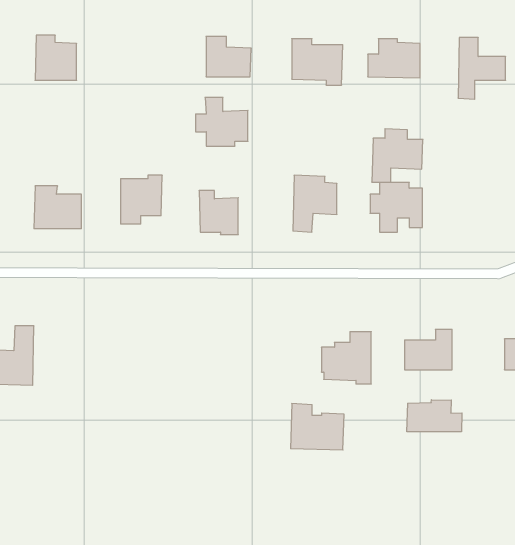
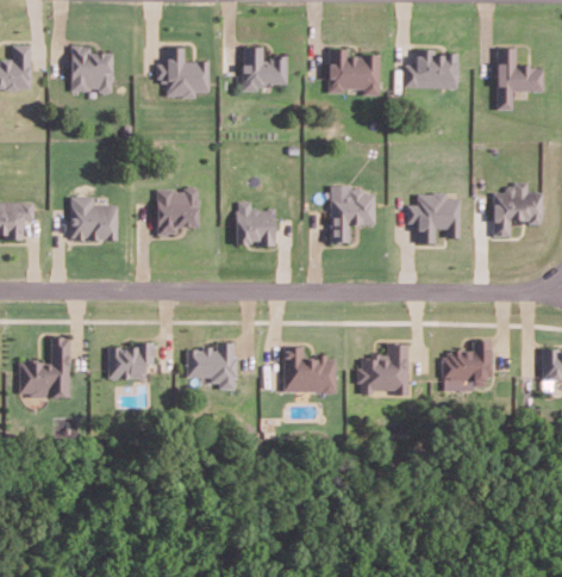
building: [196,97,248,146] -> [156,48,208,97]
building: [372,129,423,182] -> [491,182,542,236]
building: none -> [107,342,152,379]
building: none -> [186,343,235,389]
building: [407,400,462,432] -> none
building: [291,404,344,450] -> [282,346,336,392]

